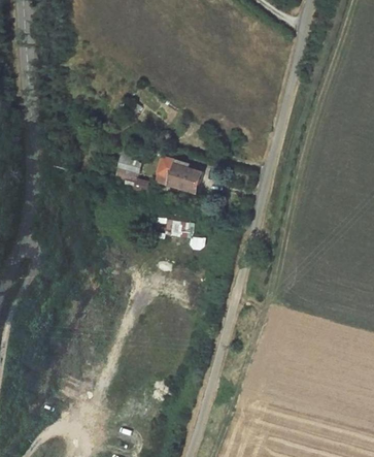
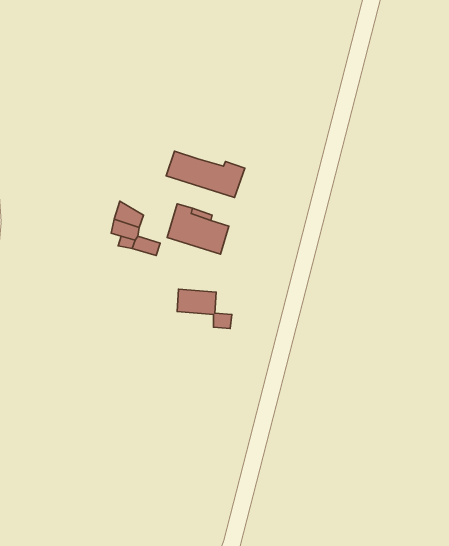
building: none -> [166,151,245,198]

